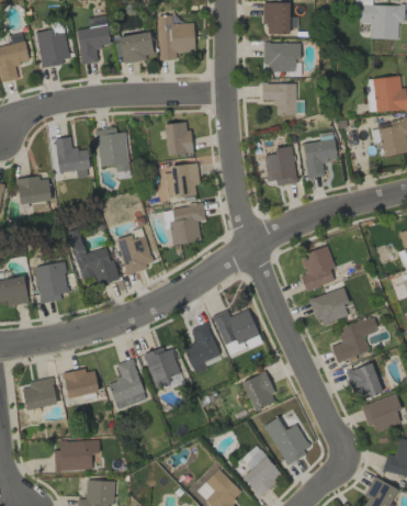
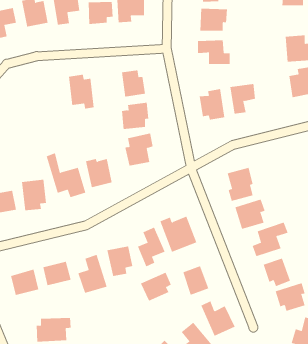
building: [54,136,90,178] -> none
building: [16,175,52,204] -> none
building: none -> [140,272,172,302]

